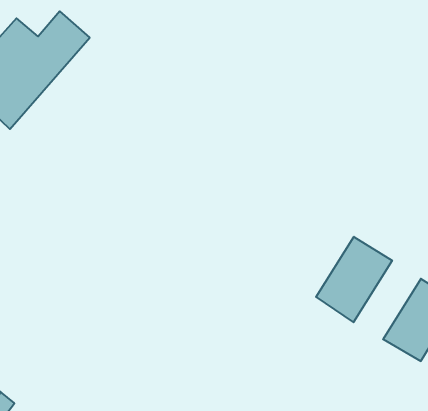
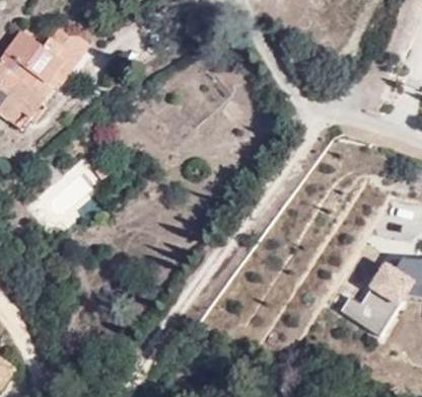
building: [316,237,392,322] -> none

